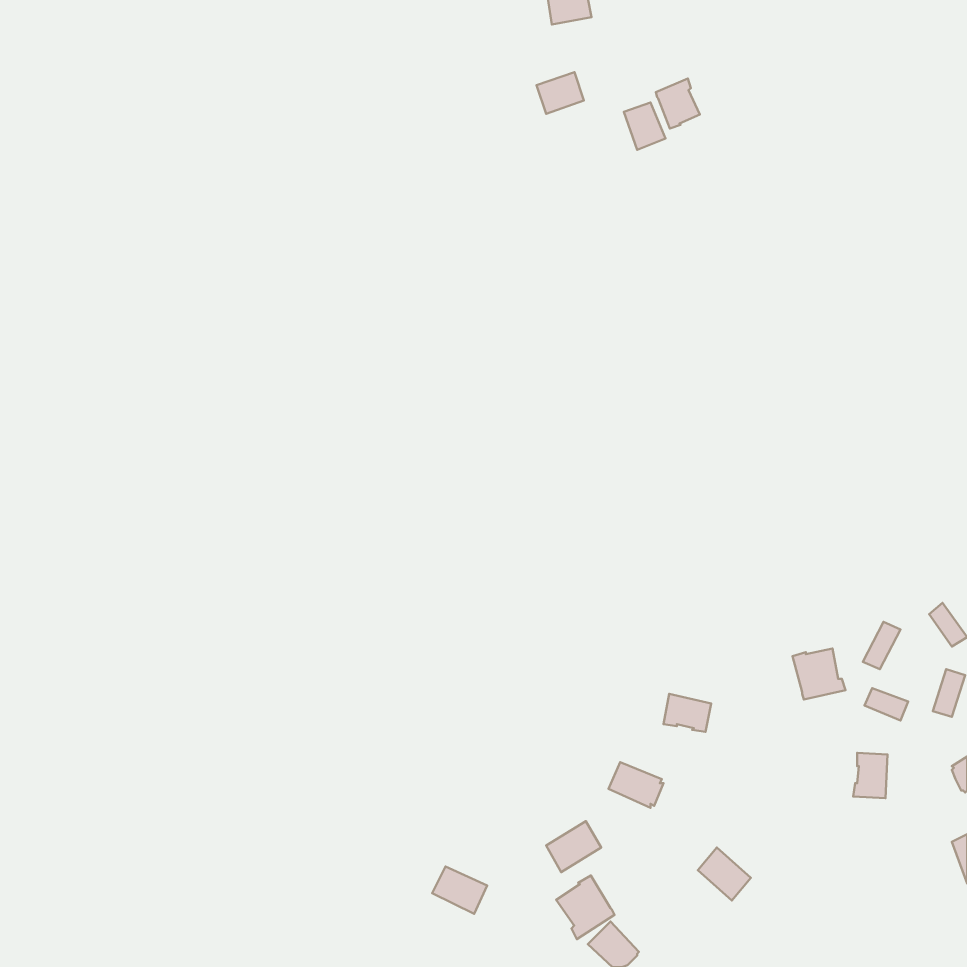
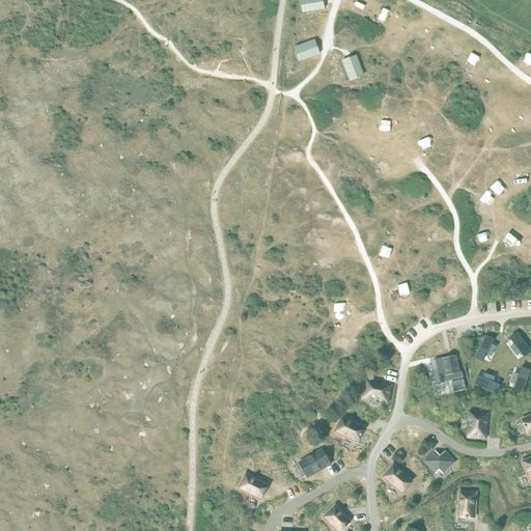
building: [656,78,700,129] -> none
building: none -> [423,450,454,473]
building: [556,876,615,939] -> none
building: none -> [457,492,475,518]

